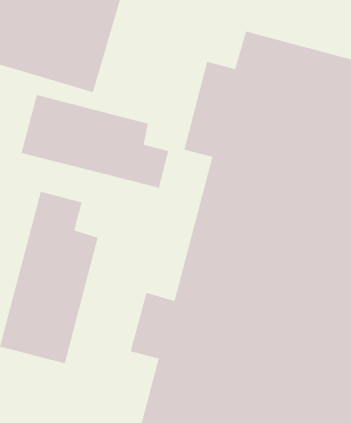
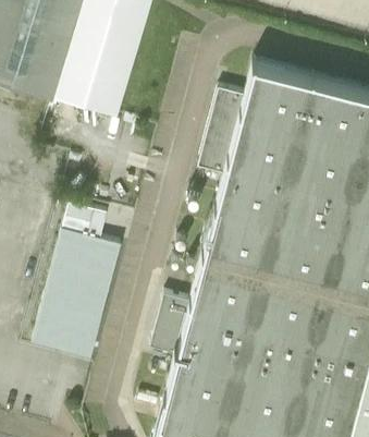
building: [21,94,169,189] -> none

